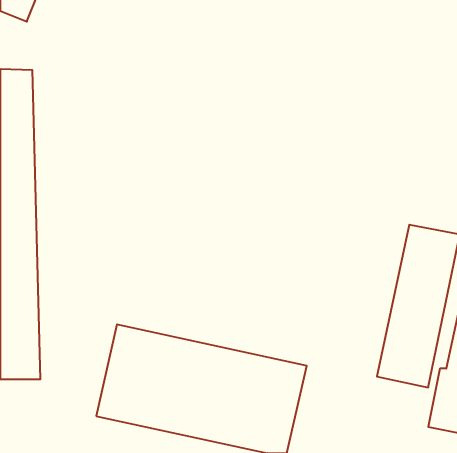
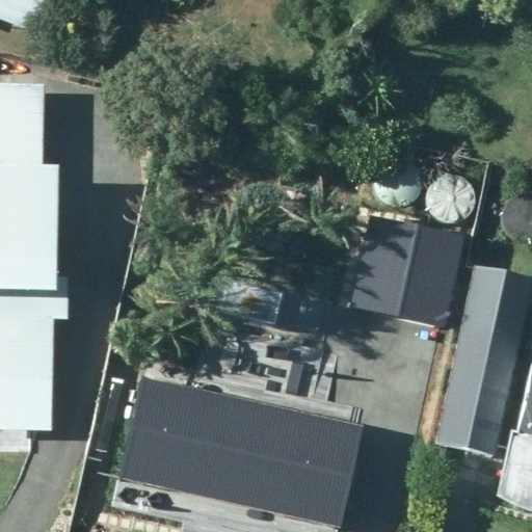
building: none -> [351,211,464,322]

